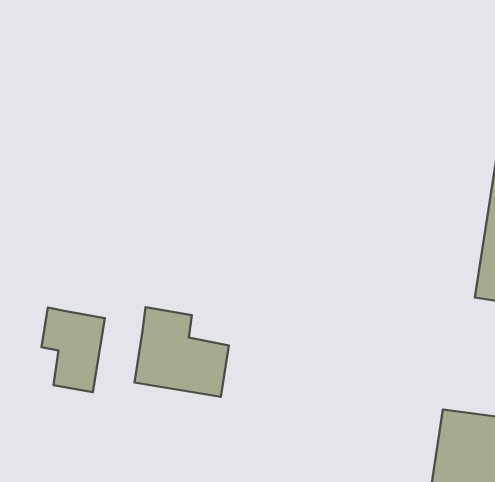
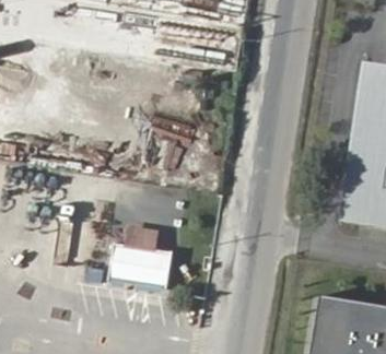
building: [41,308,105,392] -> none

